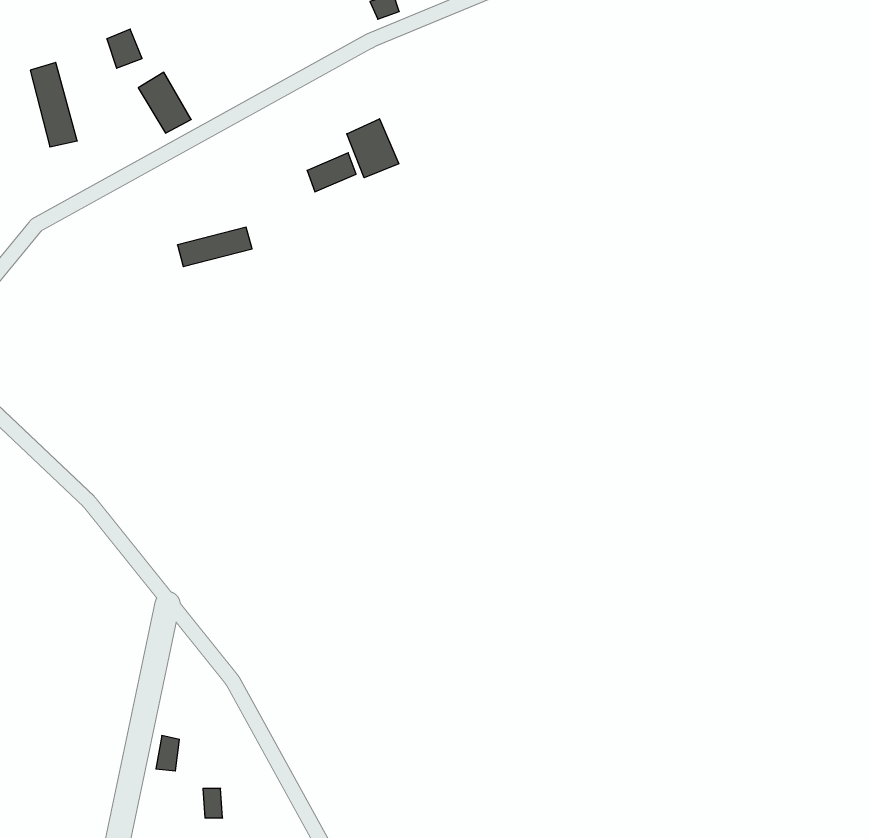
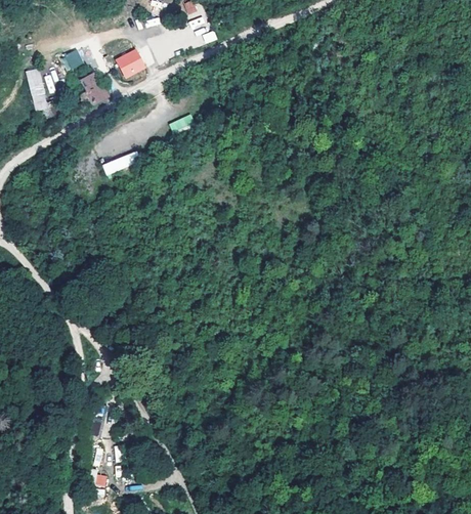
building: none -> [115,49,146,80]
building: [347,119,399,178] -> none

